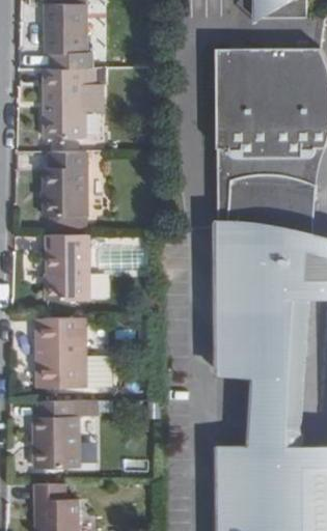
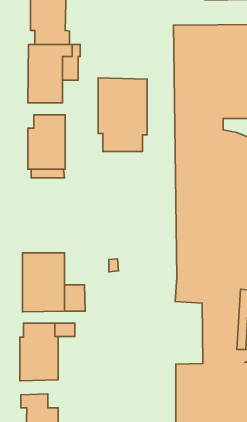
building: none -> [98,78,147,151]
building: [46,237,88,303] -> none

